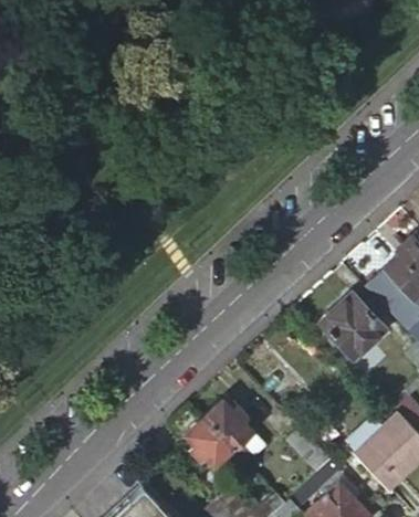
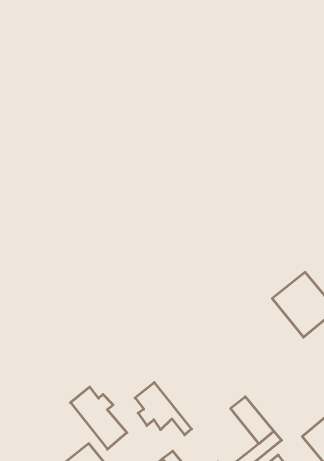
building: [205,400,265,463] -> [70,387,127,449]

